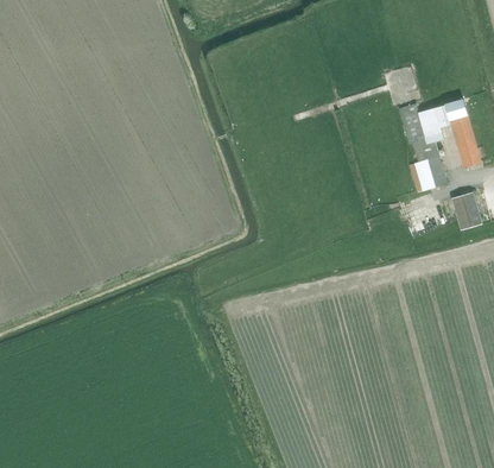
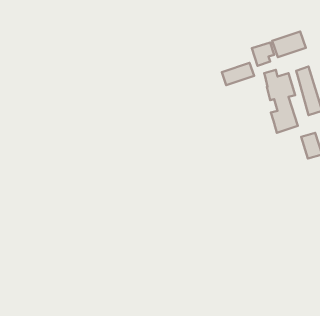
building: none -> [272,32,306,57]
building: none -> [222,63,254,85]

